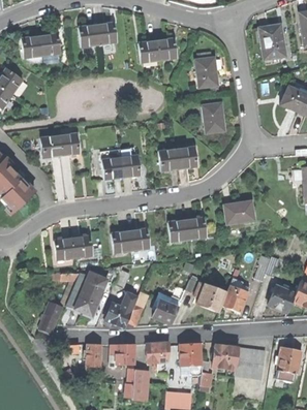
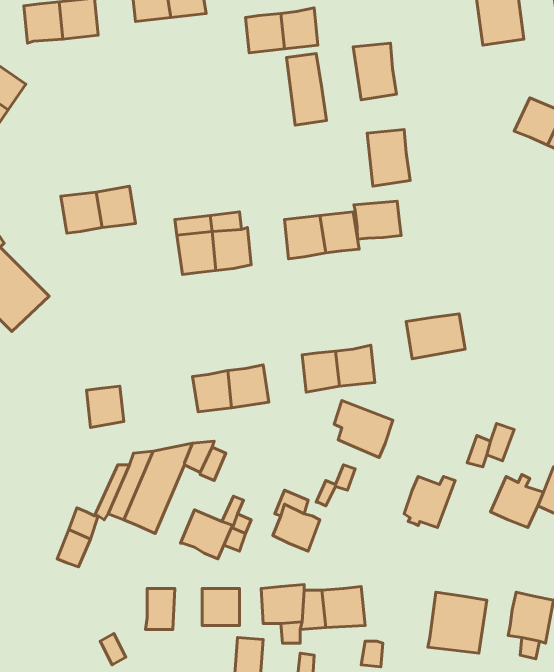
building: none -> [286,54,327,125]
building: none -> [354,201,401,239]
building: [72,234,94,256] -> none
building: [195,282,226,312] -> [334,400,393,457]
building: [212,343,239,370] -> none

